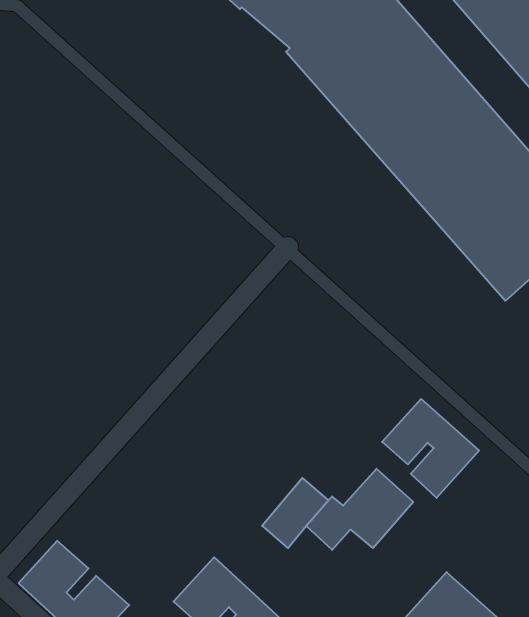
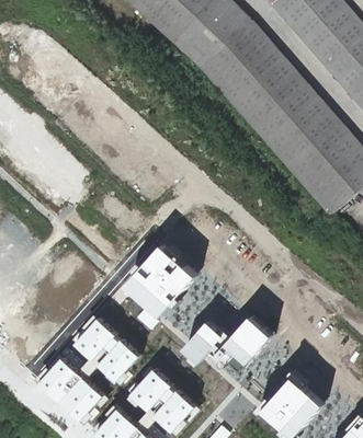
building: none -> [125,243,198,316]
building: [382,399,479,498] -> none
building: none -> [73,318,140,380]

